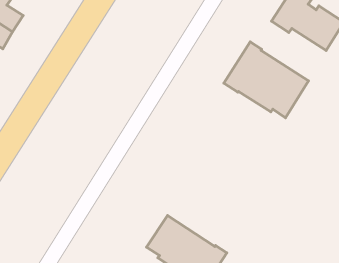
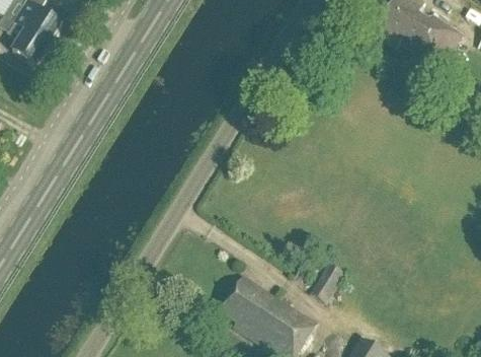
building: [224,42,309,118] -> none
building: none -> [310,261,346,302]

